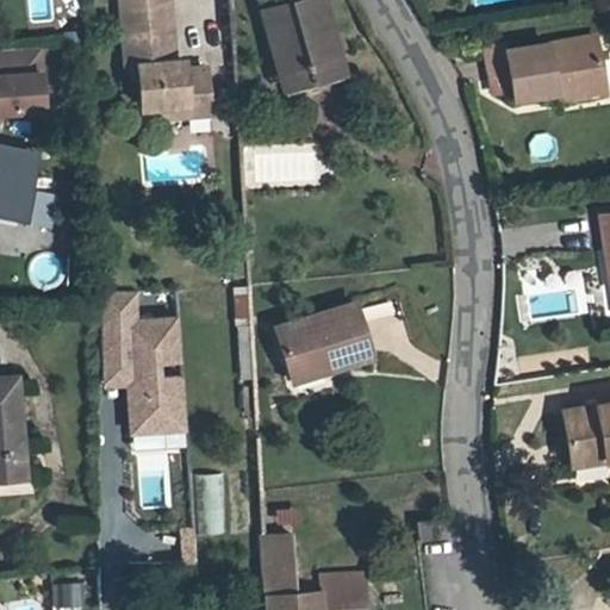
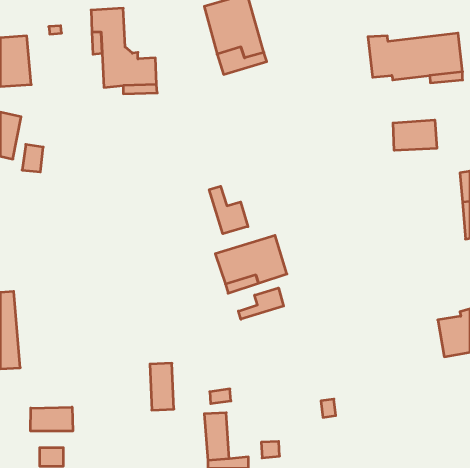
building: none -> [393,120,437,150]
building: none -> [209,186,248,234]
building: [101,288,187,431] -> none
building: none -> [238,288,284,319]
building: none -> [31,407,73,431]

